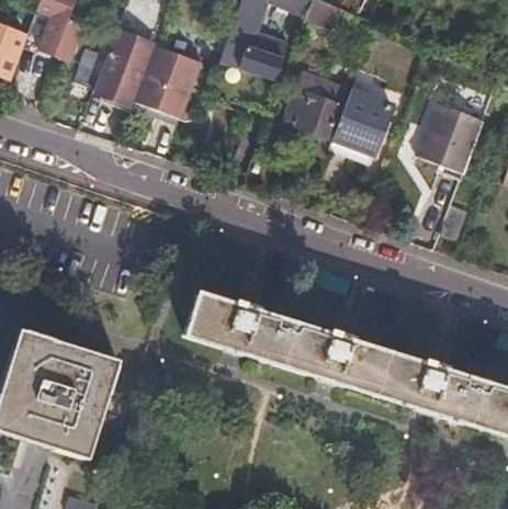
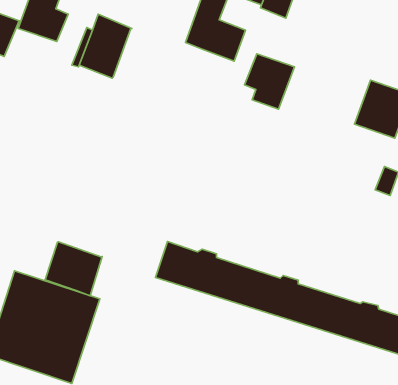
building: [136,43,204,117] -> none
building: [329,89,393,165] -> none
building: none -> [45,242,102,296]

